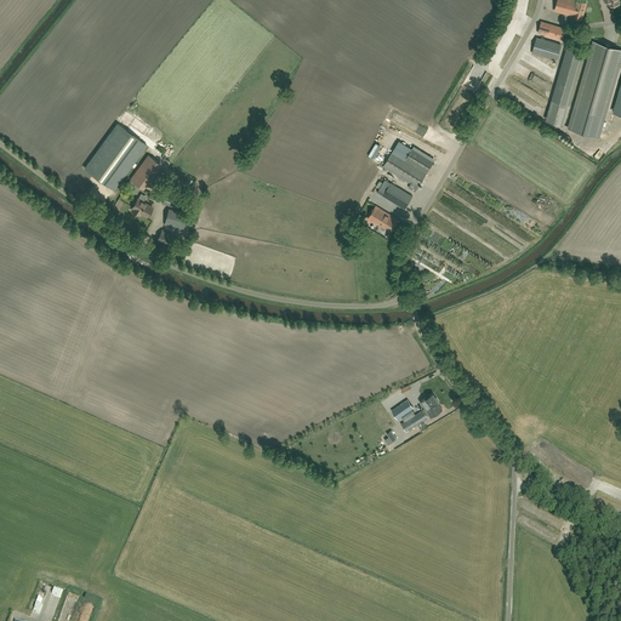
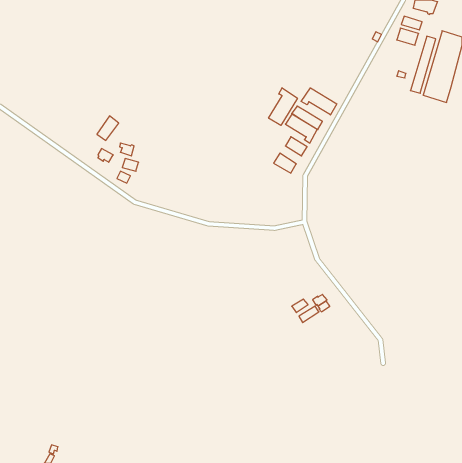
building: none -> [269,88,297,125]
building: none -> [301,88,337,115]
building: [84,124,146,190] -> none

